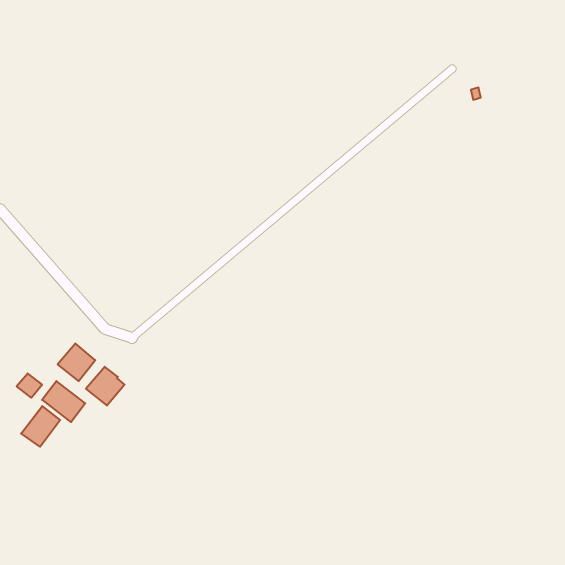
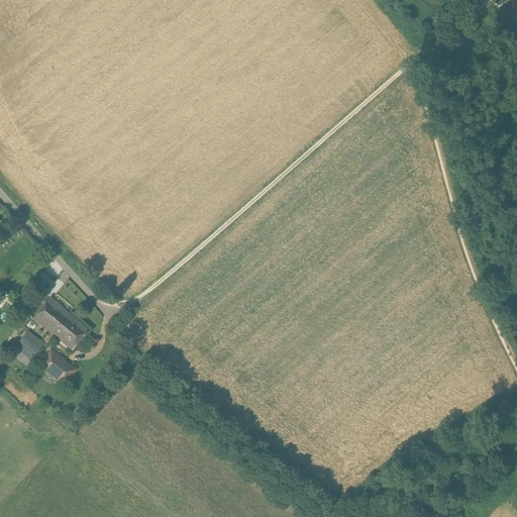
building: [86,367,125,406] -> [34,297,70,332]
building: [21,406,60,447] -> none

